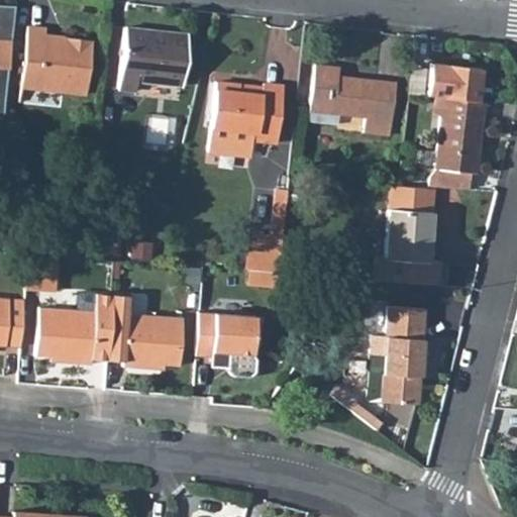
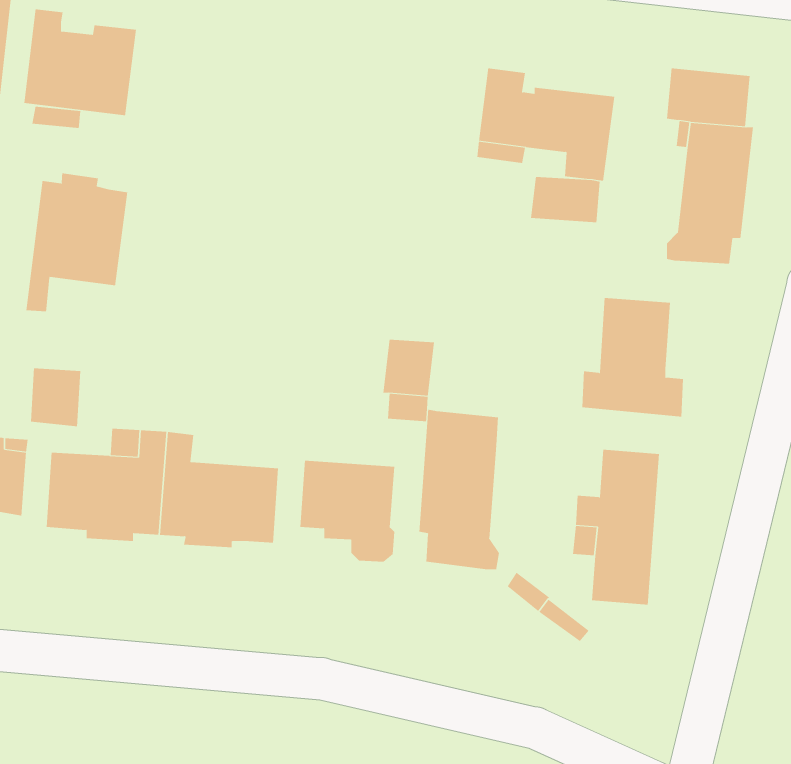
building: [119,27,189,91] -> none
building: [209,82,285,157] -> none
building: none -> [26,173,128,312]
building: [390,184,434,213] -> [530,177,600,223]
building: none -> [419,409,500,570]

